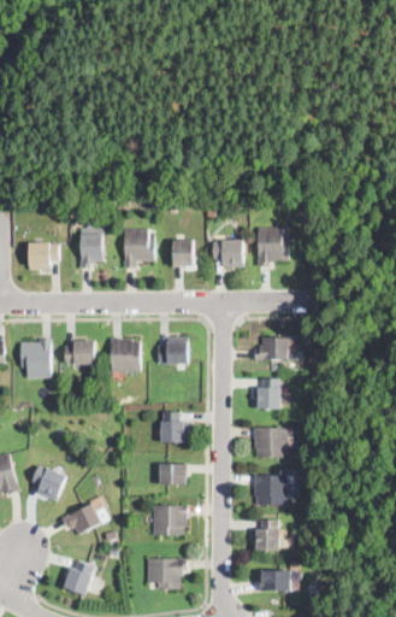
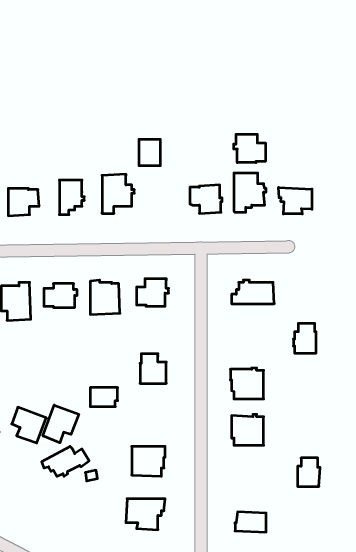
building: none -> [234,134,265,163]
building: [171,241,193,268] -> [139,139,160,166]
building: none -> [279,187,312,214]
building: [258,378,280,409] -> [293,323,316,353]
building: none -> [43,405,79,443]
building: [159,464,187,483] -> [90,388,118,407]
building: [256,519,279,548] -> [298,458,320,486]
building: [63,562,94,595] -> none

